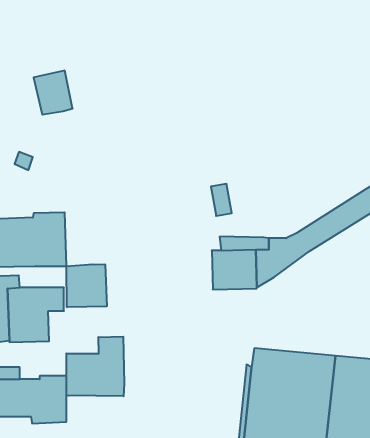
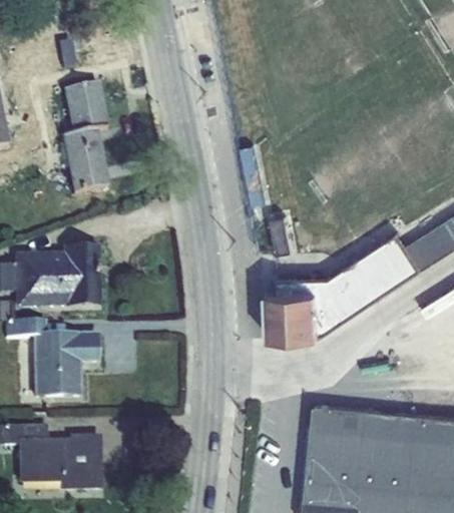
building: none -> [62,129,109,193]
building: [66,264,107,307] -> none
building: [66,337,124,396] -> none

